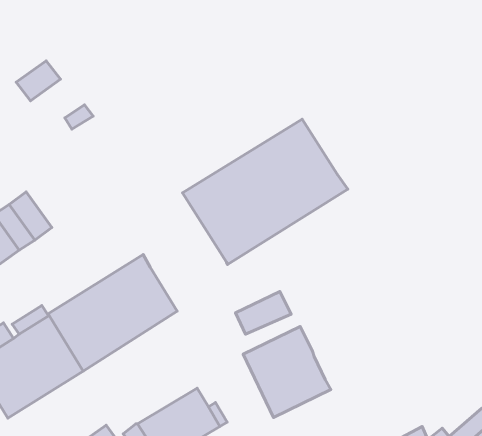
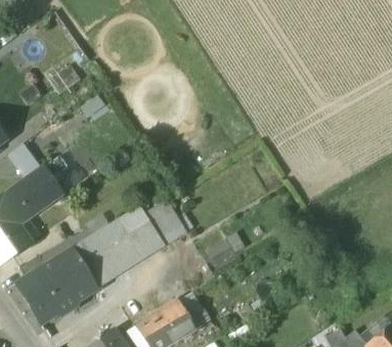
building: [183,119,348,264] -> none
building: none -> [143,201,185,247]
building: [243,326,331,417] -> none

